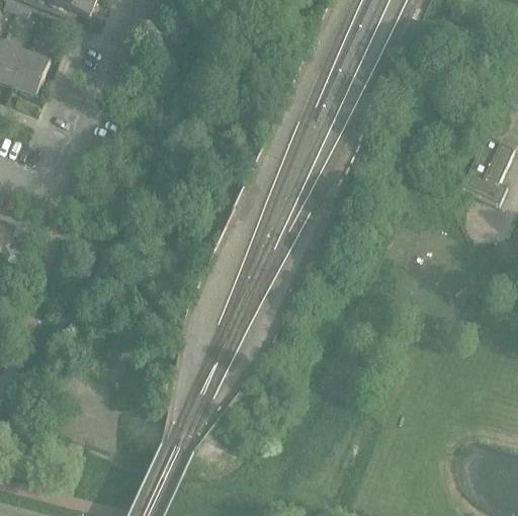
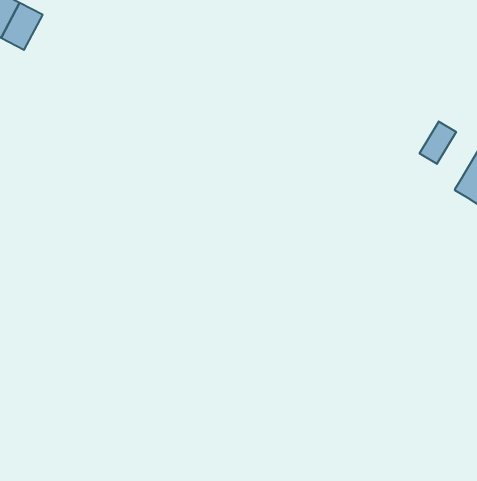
building: none -> [420,121,456,164]

